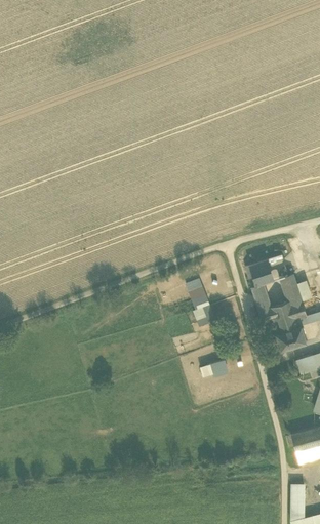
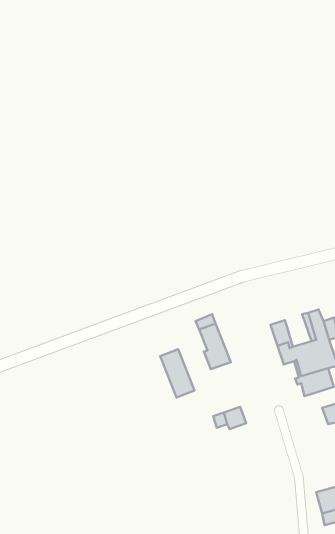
building: [244,259,272,287] -> none
building: none -> [160,349,194,398]

